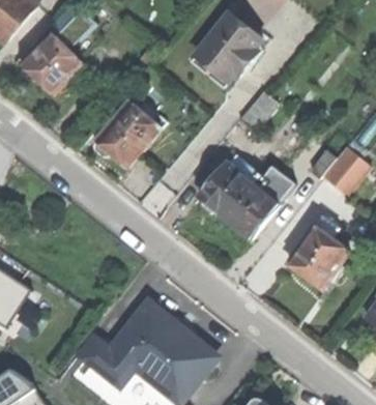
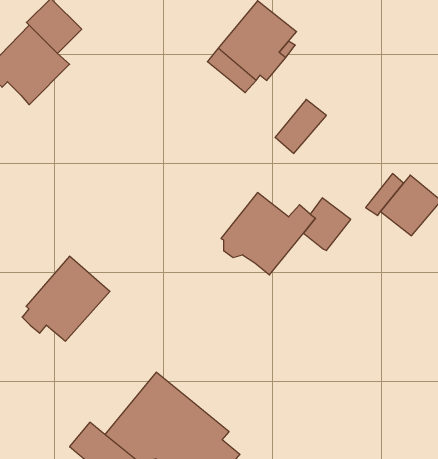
building: [94,100,162,166] -> [22,256,110,341]
building: [237,192,279,237] -> none
building: [290,224,350,285] -> none

